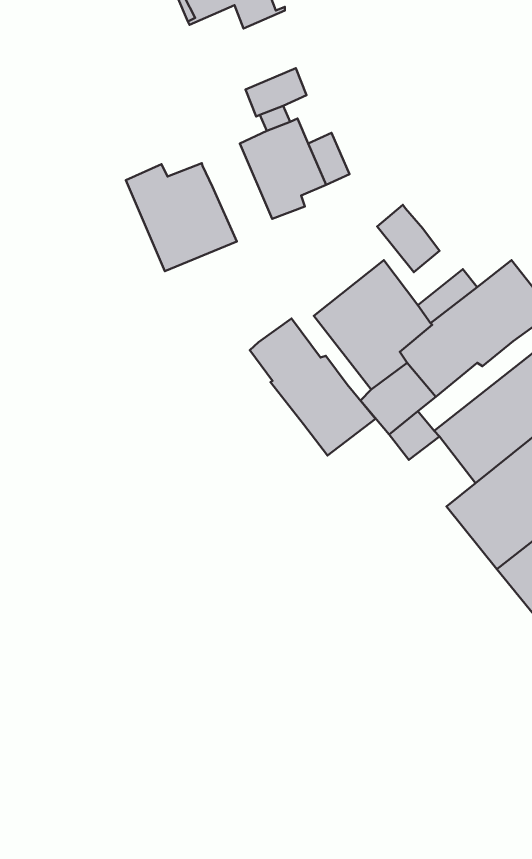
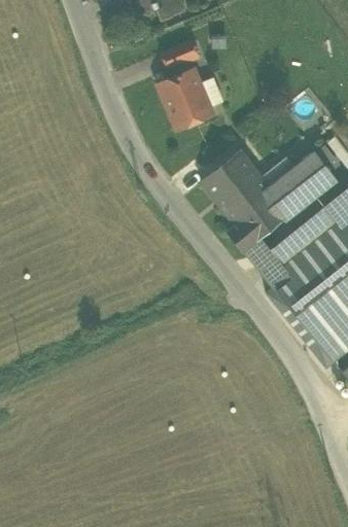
building: [126,163,237,271] -> none
building: [377,205,440,272] -> none
building: [250,318,376,455] -> none
building: none -> [256,252,294,292]

